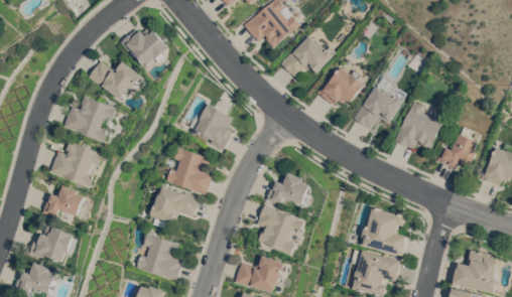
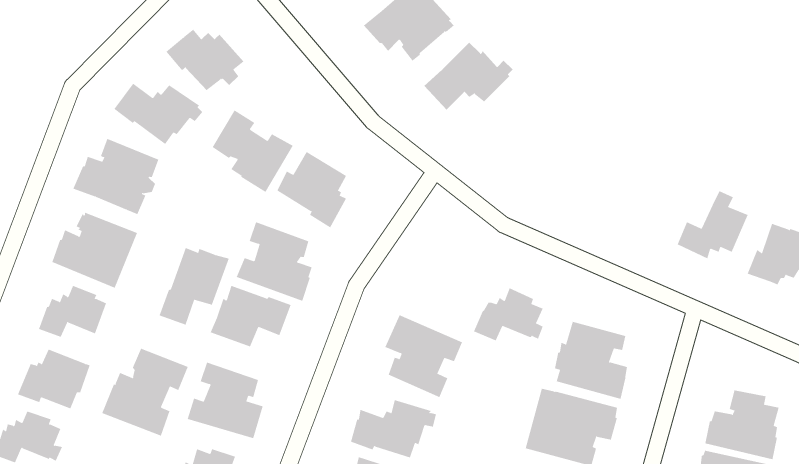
building: [315,66,364,105] -> none
building: none -> [212,110,294,193]
building: [352,78,405,129] -> none
building: [393,101,444,149] -> none
building: none -> [159,247,229,325]
building: [265,172,308,205] -> [473,287,544,341]
building: none -> [102,348,189,436]

